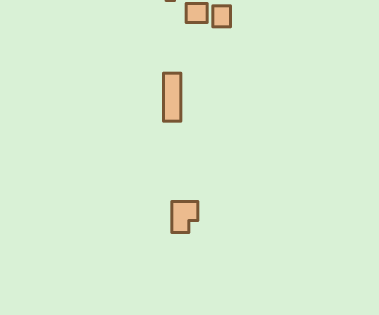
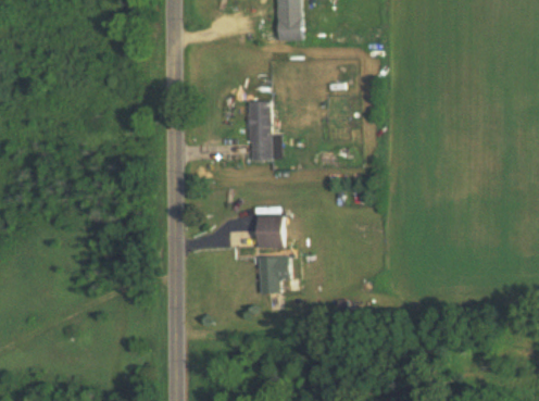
building: [213,6,231,27] -> none
building: none -> [256,215,281,247]

